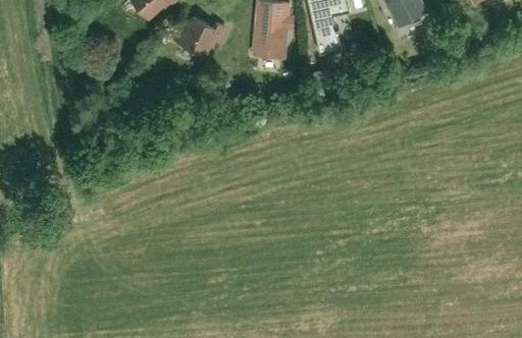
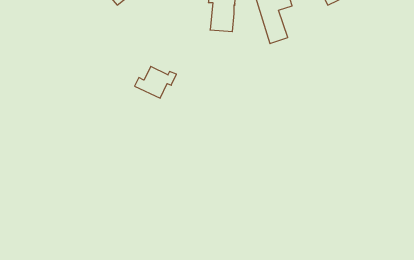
building: [172,18,222,56] -> [135,66,176,98]

